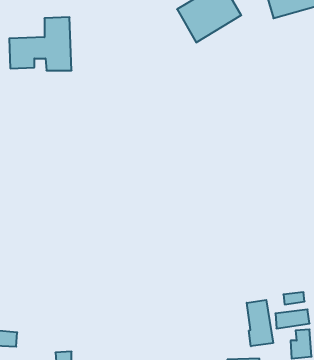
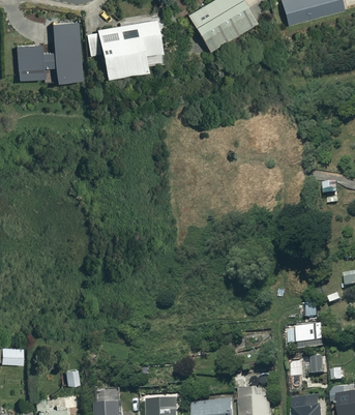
building: none -> [85,18,158,72]
building: [247,300,273,346] -> none

